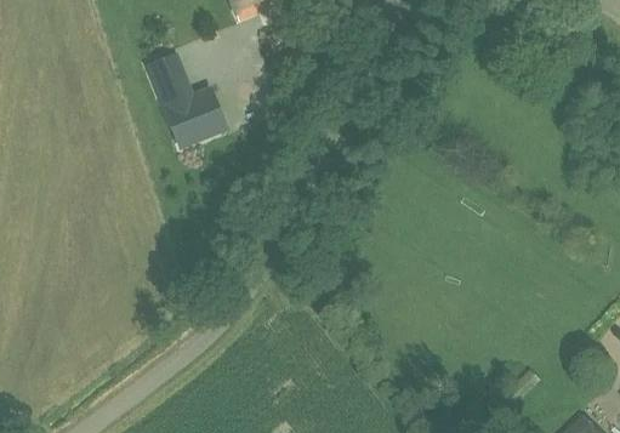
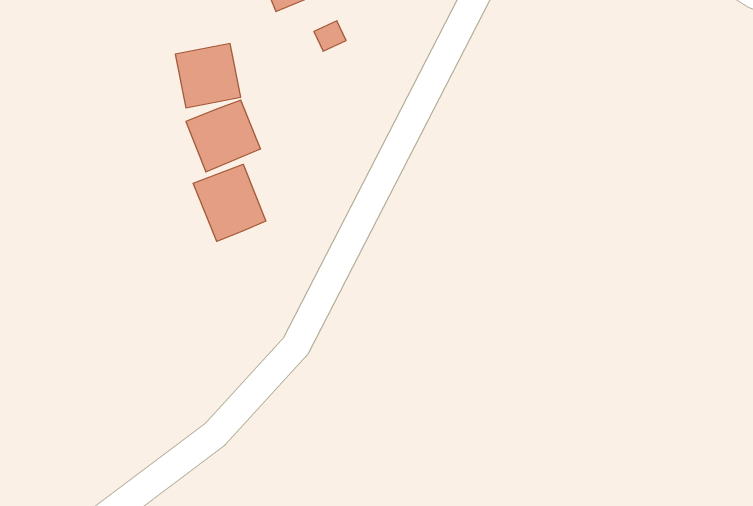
building: none -> [193,164,266,241]

